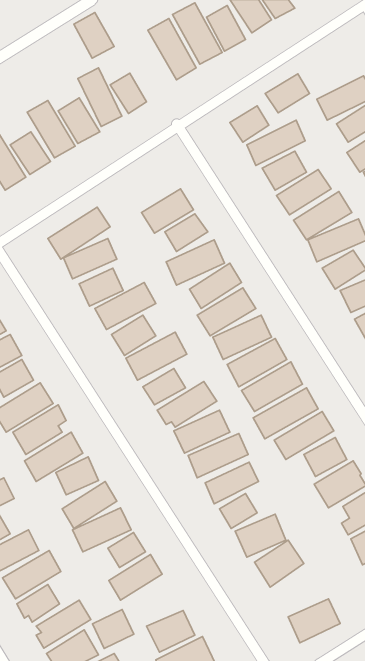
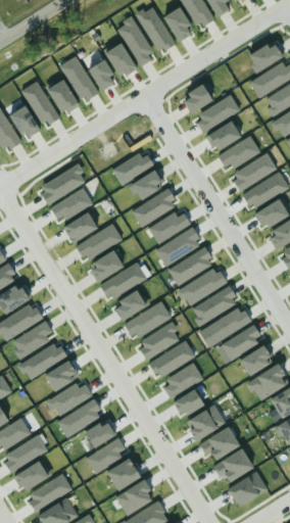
building: [74,13,114,58] -> [105,42,137,78]
building: [265,74,309,113] -> [248,41,283,72]
building: none -> [213,449,253,483]
building: [92,610,134,649] -> [107,459,140,489]

